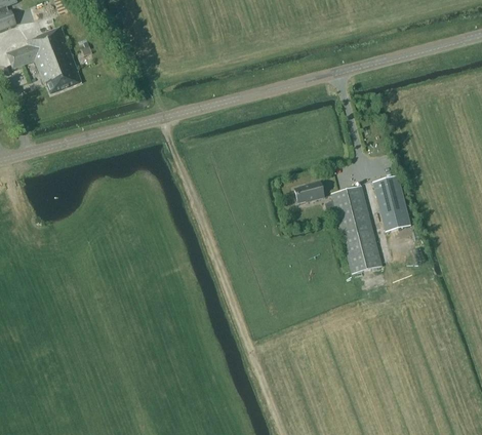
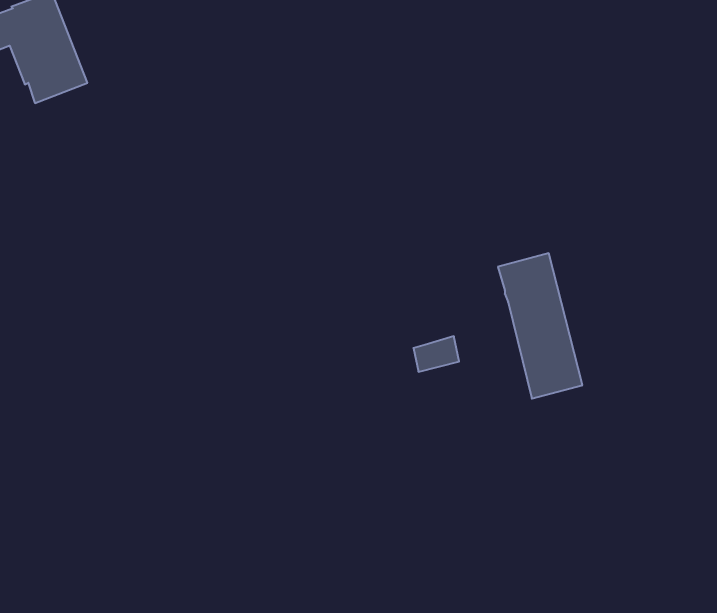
building: [372,175,410,232] -> none
building: [294,181,322,202] -> [413,336,459,372]

